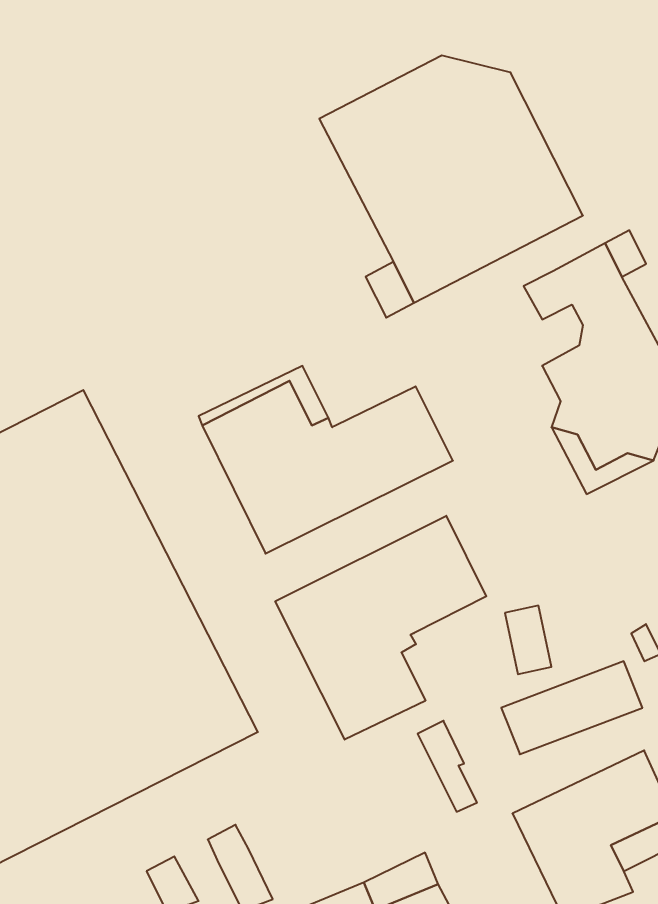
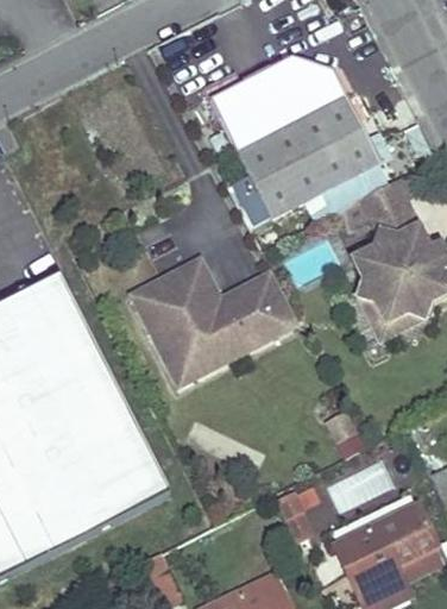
building: [275,516,486,740] -> none

